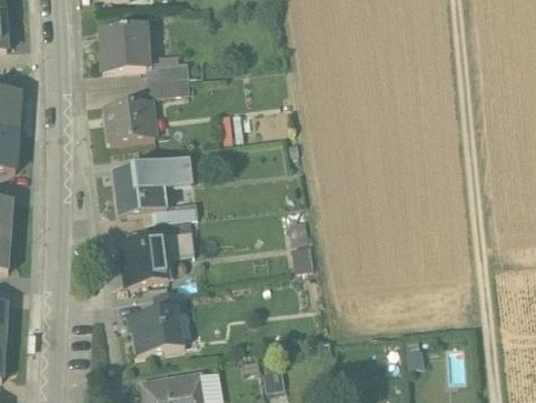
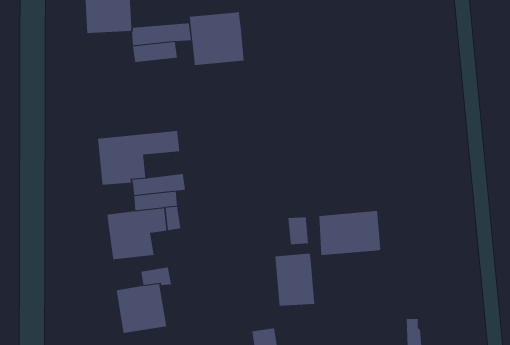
building: none -> [189,11,244,66]
building: [106,98,153,138] -> none
building: none -> [319,210,381,256]
building: none -> [275,253,315,306]

